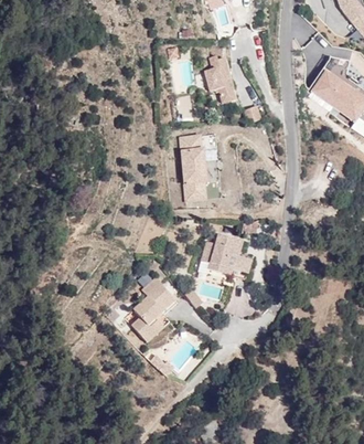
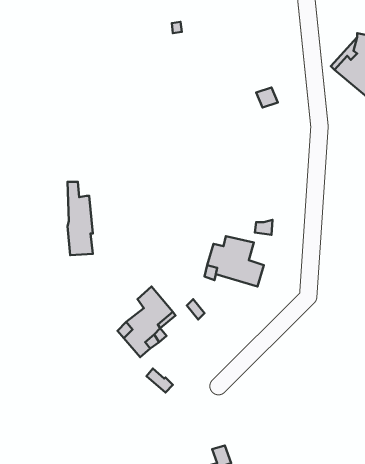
building: [204,55,236,103] -> none
building: [182,136,204,200] -> [68,182,93,255]

